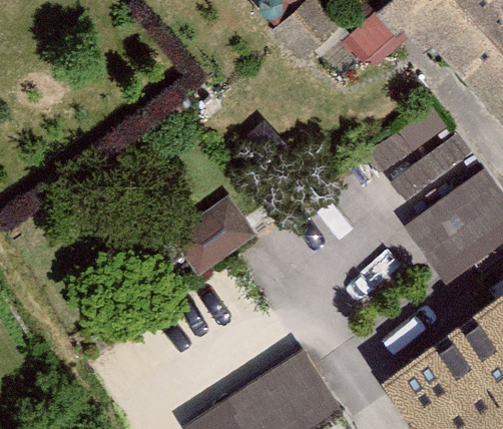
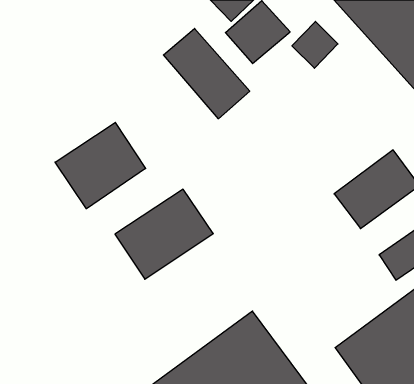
building: none -> [163,28,250,119]
building: none -> [55,122,146,209]

